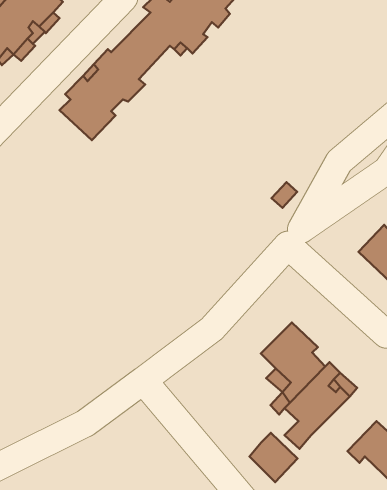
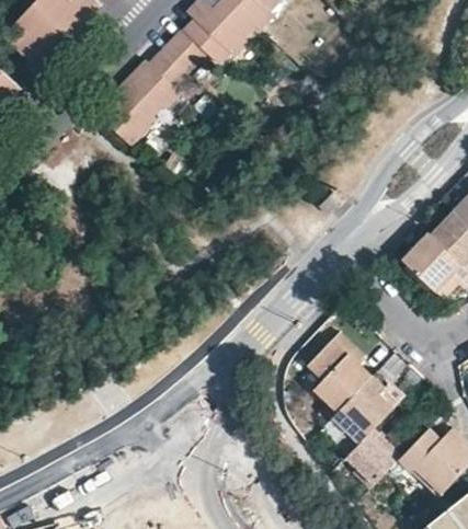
building: [249,433,298,482] -> [345,436,395,486]

